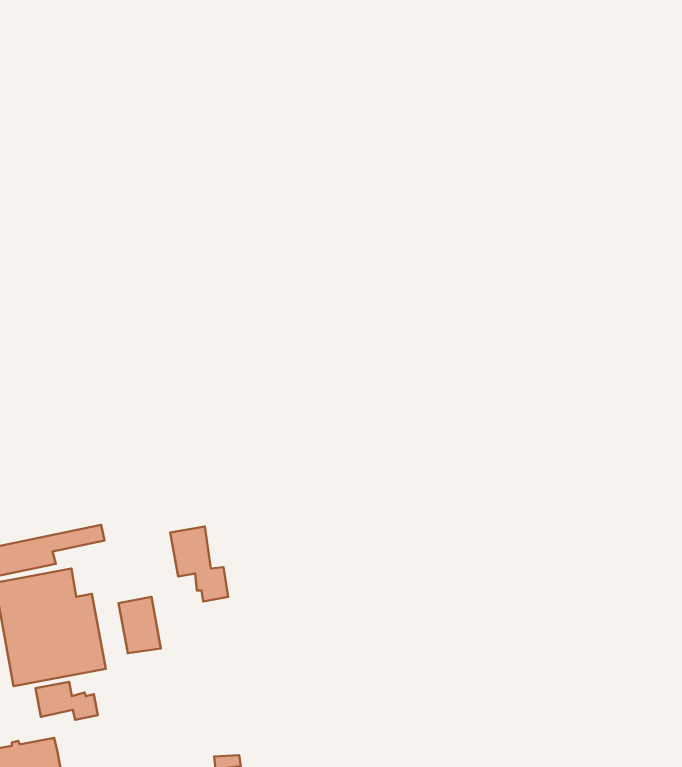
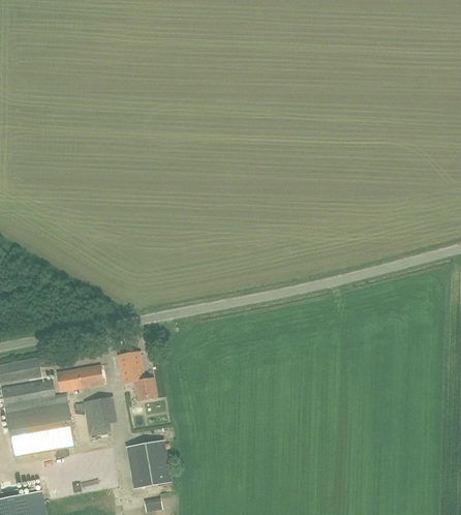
building: none -> [58,365,104,392]
building: none -> [127,442,172,488]
building: [36,682,98,720] -> none

